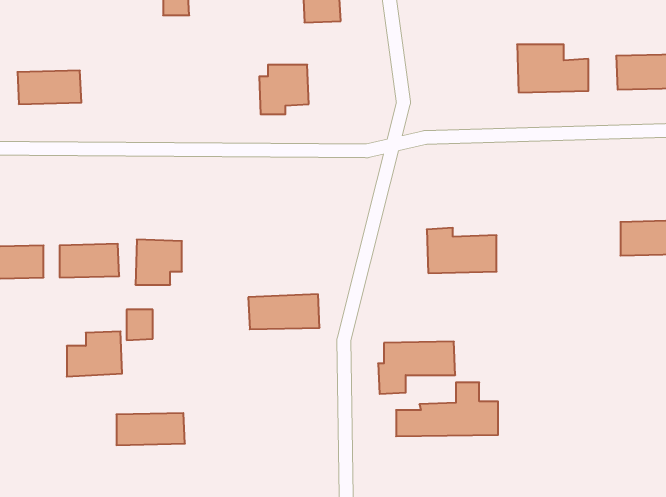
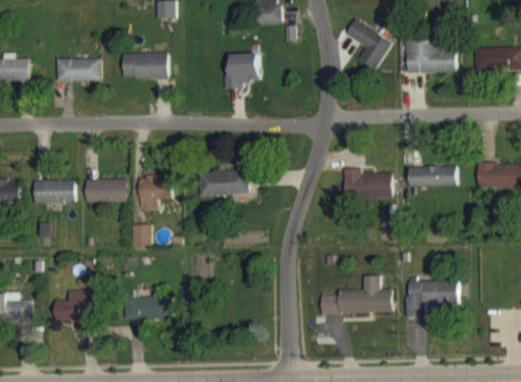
building: none -> [345,20,392,69]
building: none -> [122,54,168,79]
building: none -> [408,166,456,186]
building: [248,294,320,329] -> [198,171,248,196]
building: [67,331,122,377] -> [55,290,94,322]
building: [378,342,455,394] -> [404,281,458,318]

